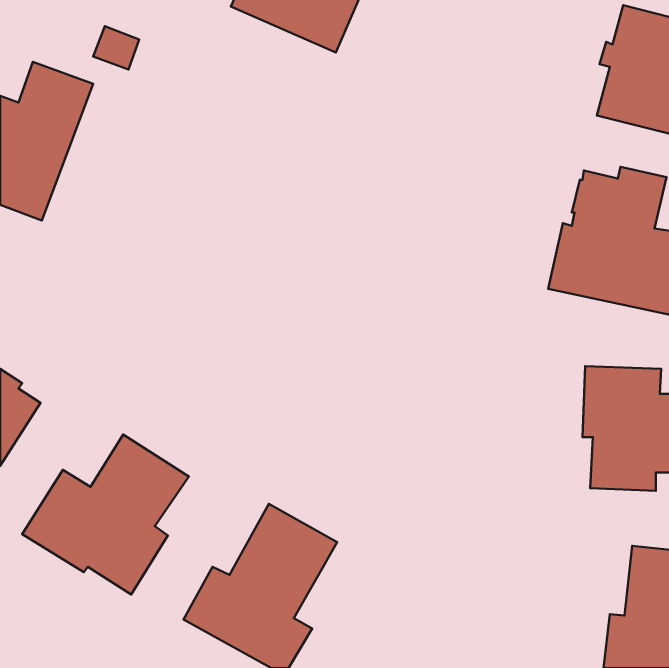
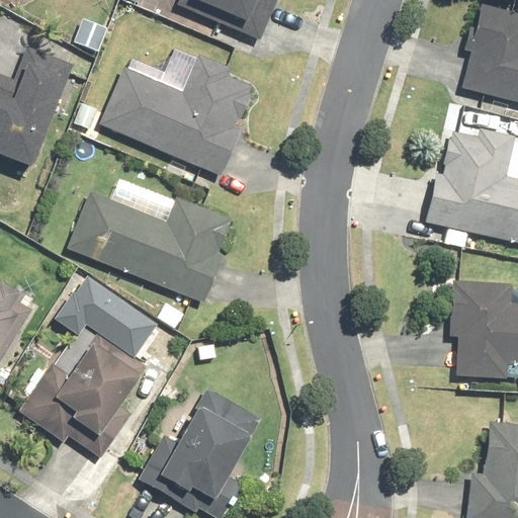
building: none -> [99,55,252,176]
building: none -> [67,192,230,301]
building: none -> [55,269,155,352]

